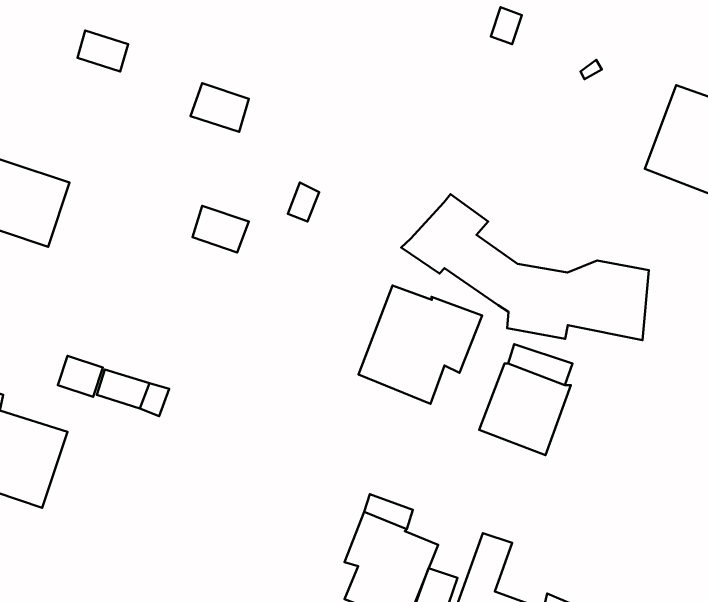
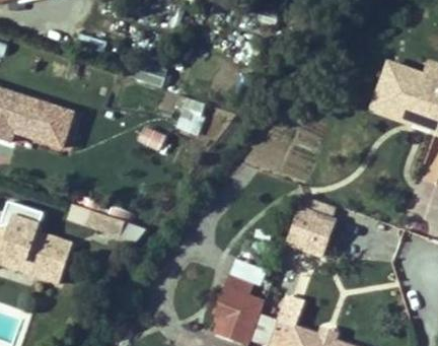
building: [401,194,649,340] -> none
building: [359,285,482,404] -> none

